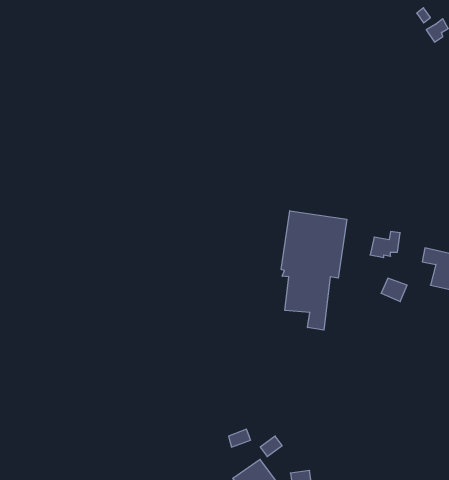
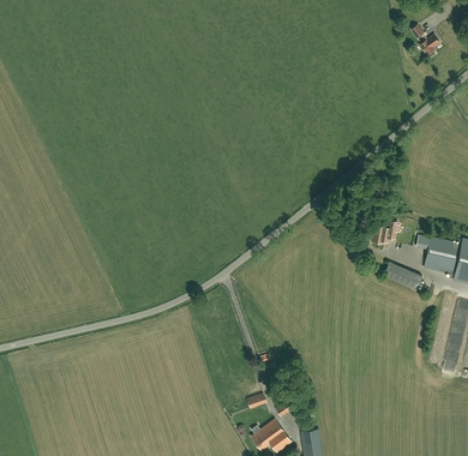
building: [281,211,347,330] -> none

